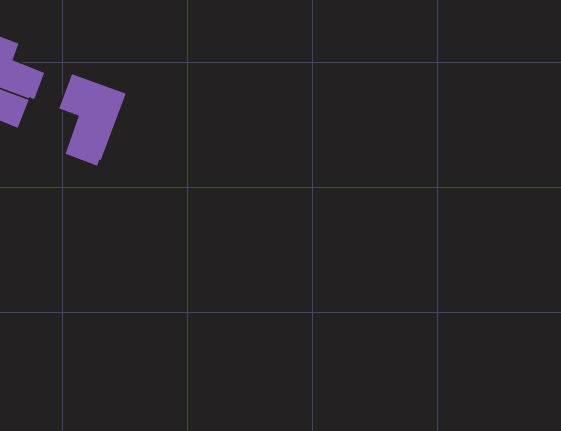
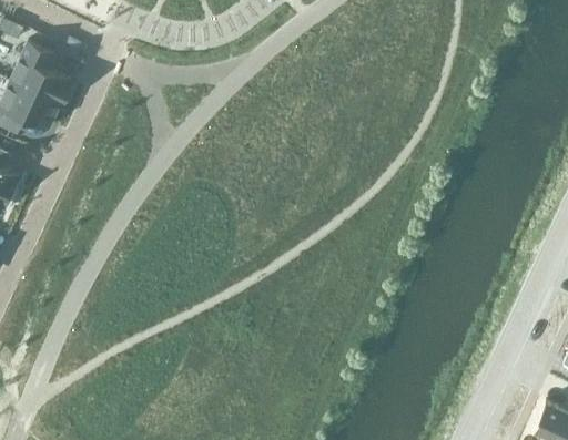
building: [58,73,127,167] -> none

